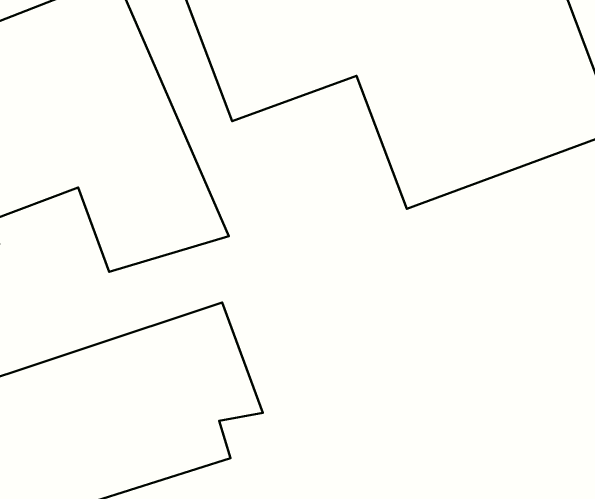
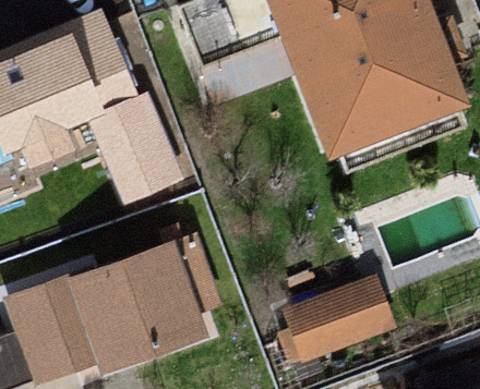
building: none -> [277,254,399,345]

